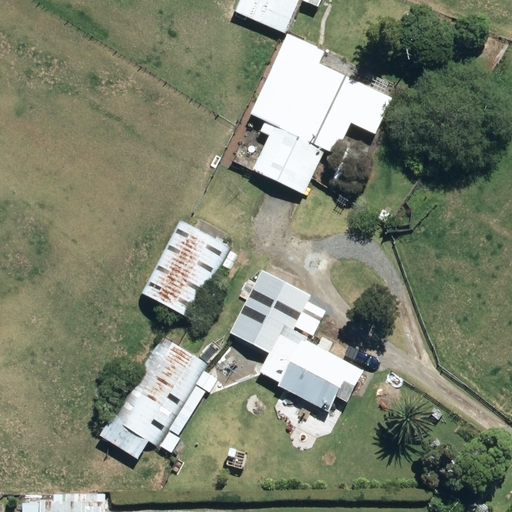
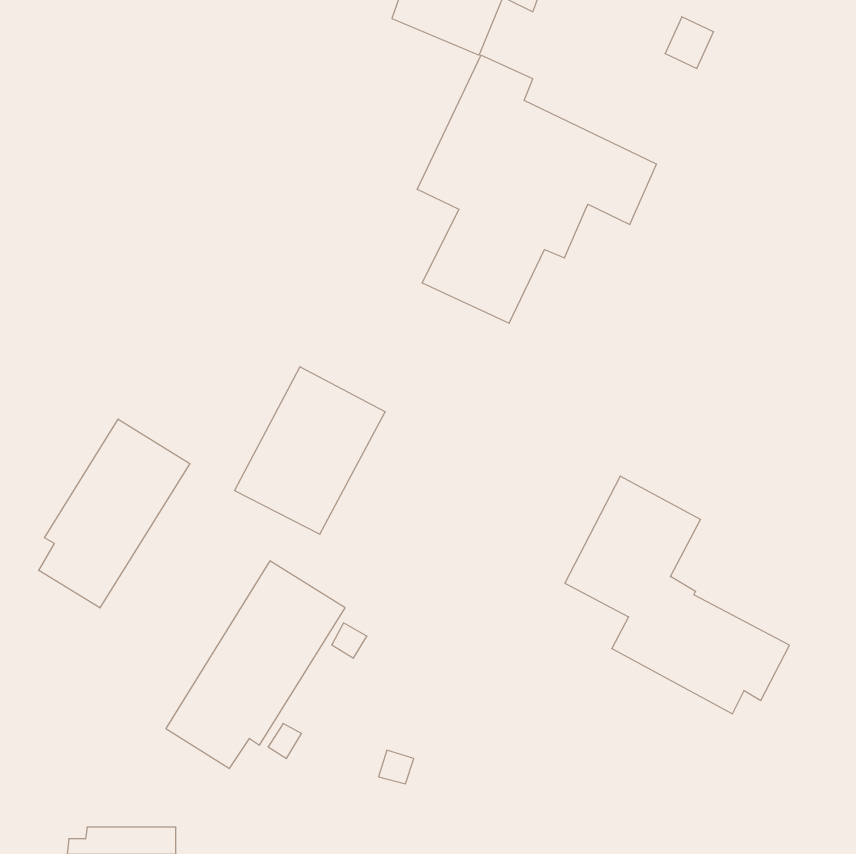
building: none -> [39,419,190,608]
building: [230,269,364,411] -> [565,476,789,714]

